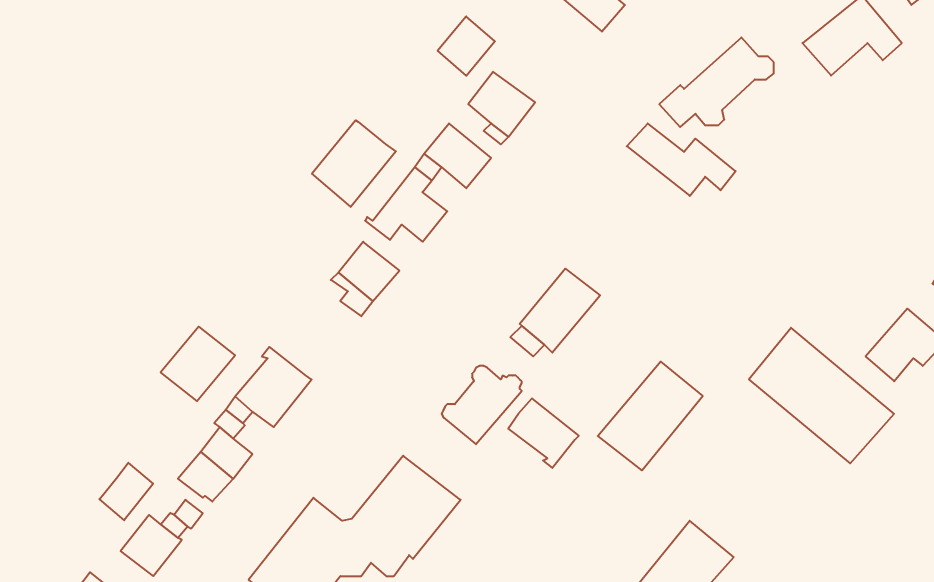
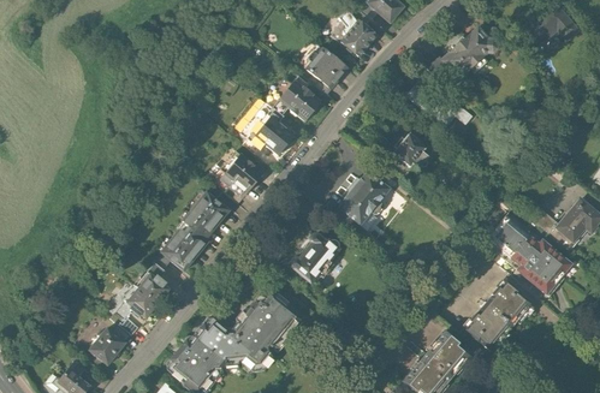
building: [438,16,495,76] -> [339,19,375,56]
building: [312,120,396,207] -> none
building: none -> [392,133,424,167]
building: [161,327,235,401] -> [180,192,227,239]
building: [598,362,703,470] -> [465,281,531,350]
building: [508,398,579,468] -> none
building: [99,463,153,520] -> none

